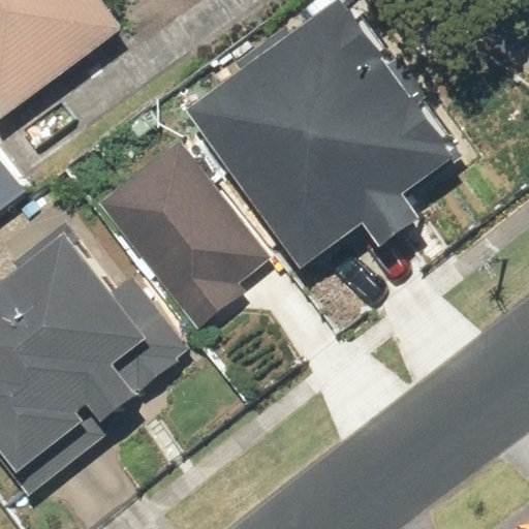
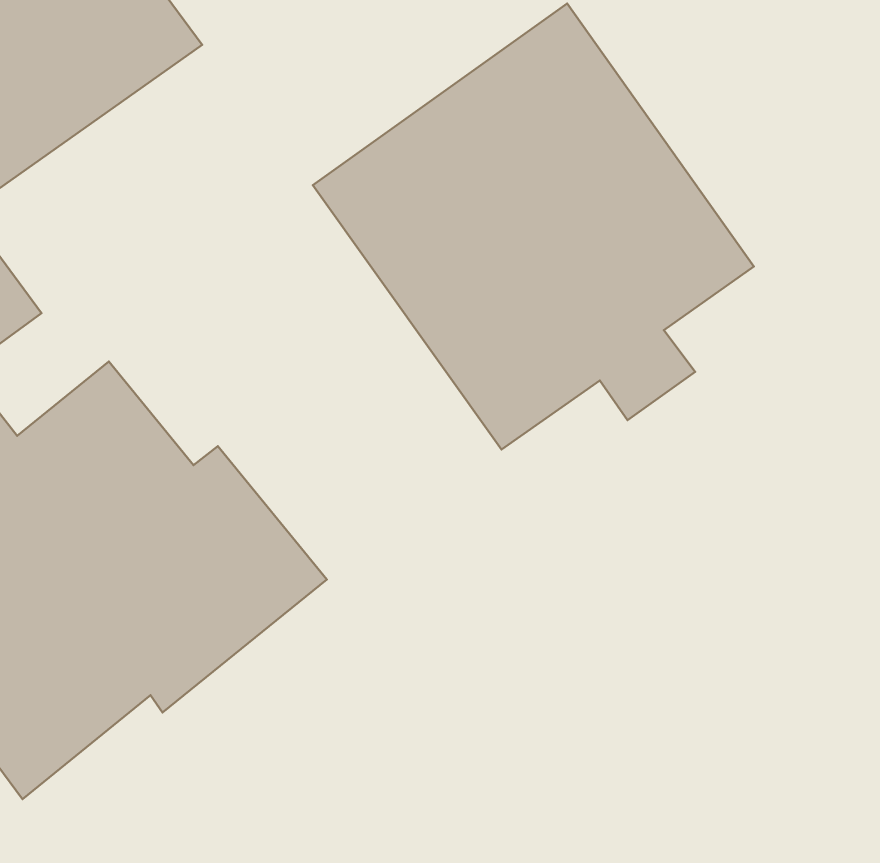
building: [99,144,263,328] -> none

